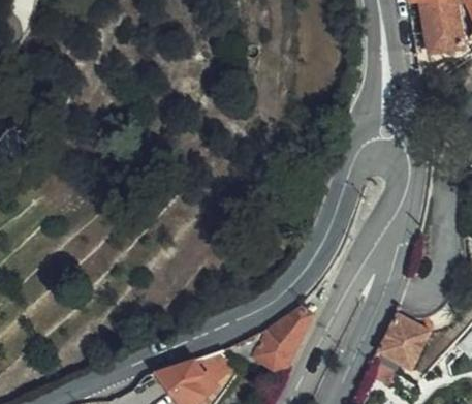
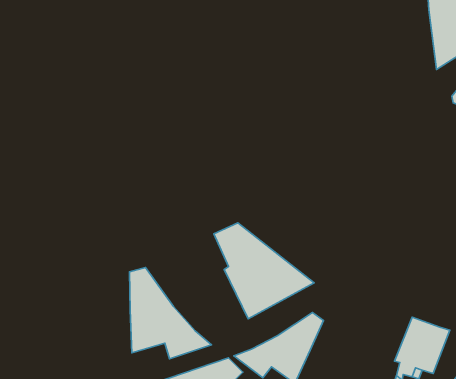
building: none -> [214,223,314,319]
building: none -> [130,267,211,359]

